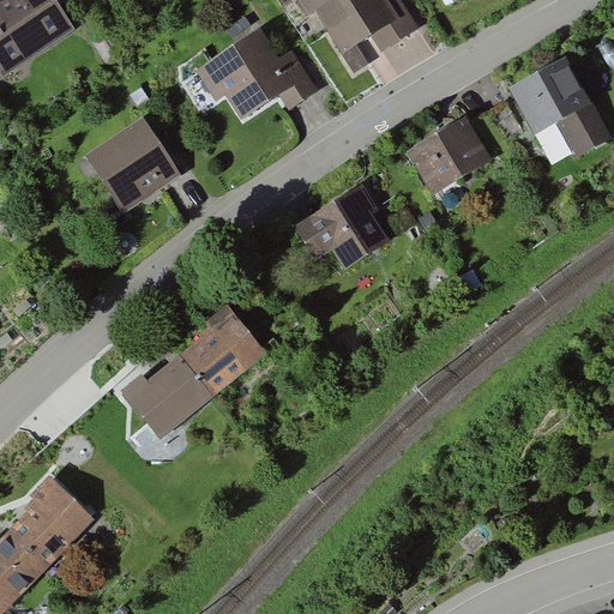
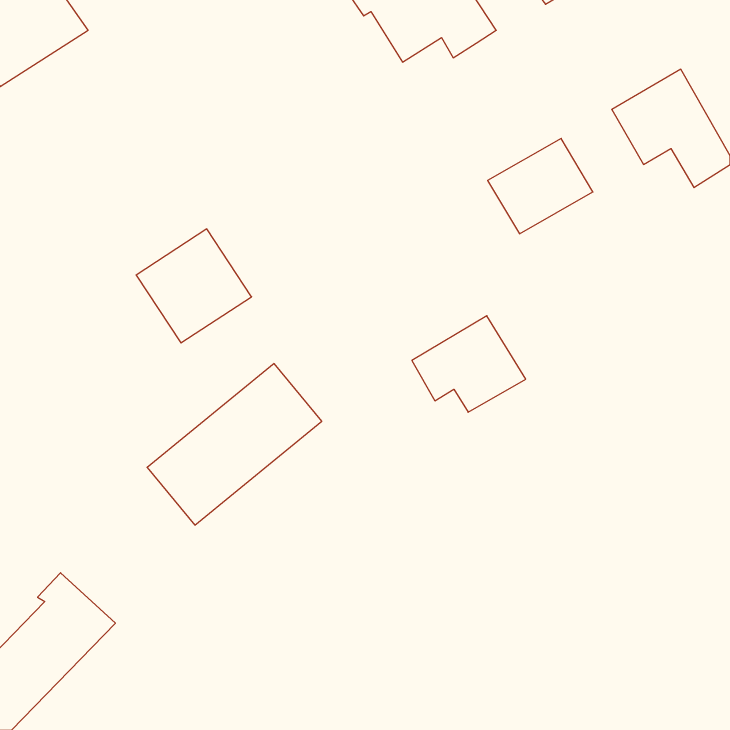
building: [191,30,309,119] -> none
building: [84,115,180,210] -> [136,229,252,343]
building: [295,188,390,269] -> [412,316,526,412]

